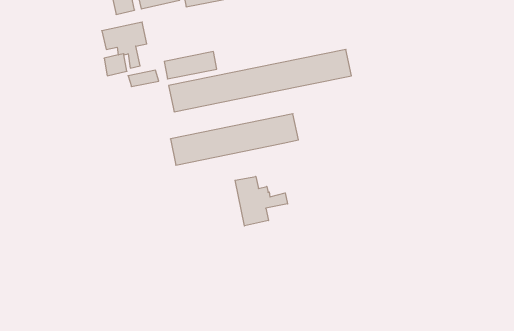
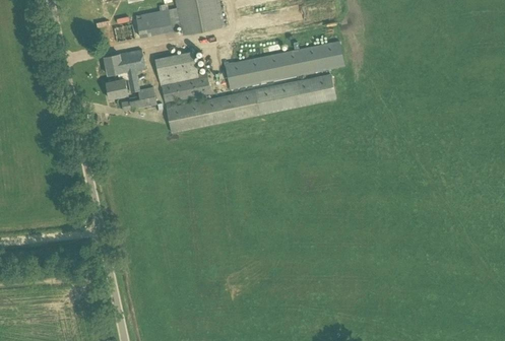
building: none -> [154,51,198,84]
building: [170,114,298,165] -> [225,41,343,88]
building: [235,176,288,226] -> none

